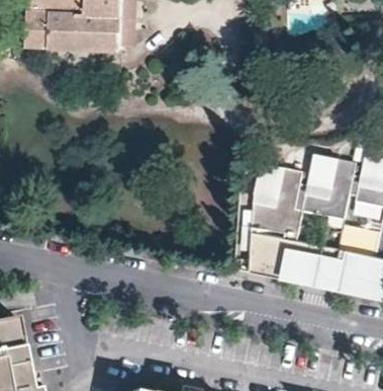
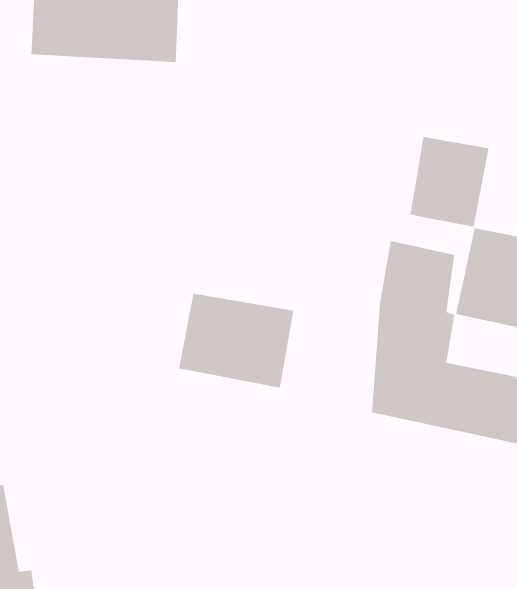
building: none -> [409,136,490,228]
building: none -> [178,293,294,388]

